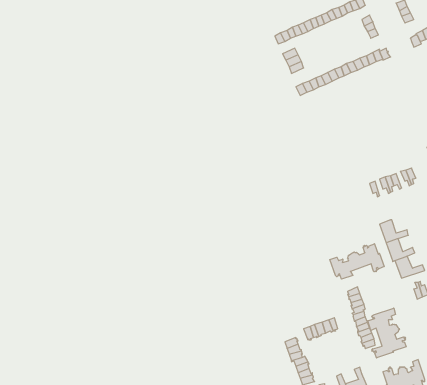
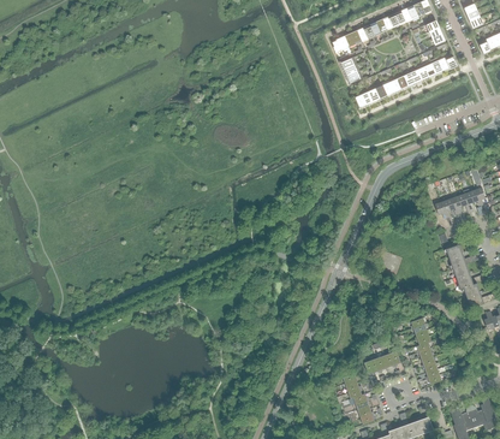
building: [330,244,384,279] -> none
building: [368,308,406,358] -> none

